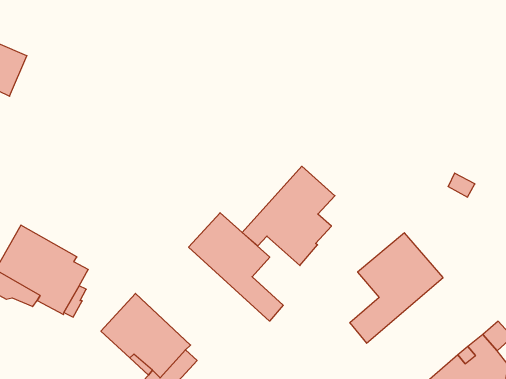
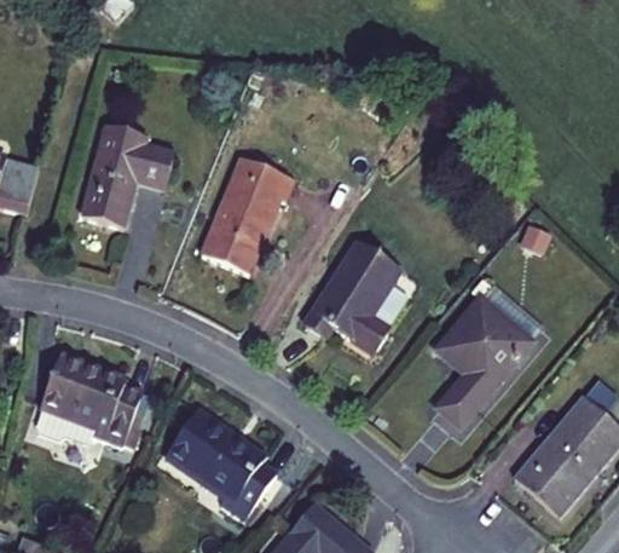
building: none -> [81,125,173,226]
building: none -> [202,155,294,271]
building: [189,213,283,321] -> none

